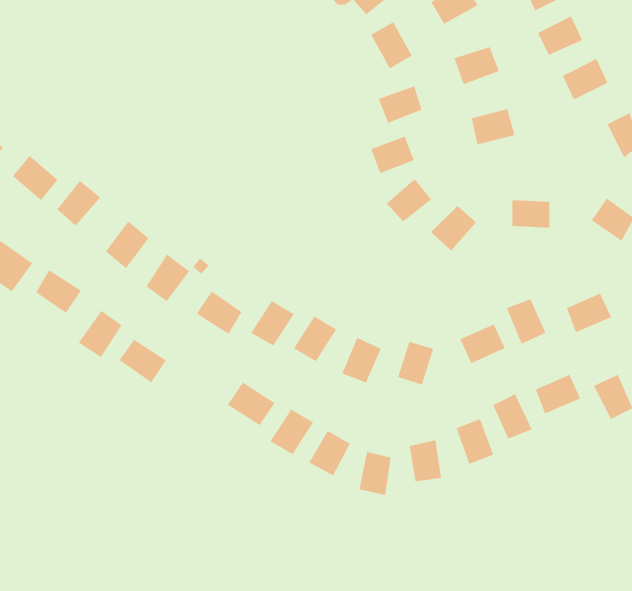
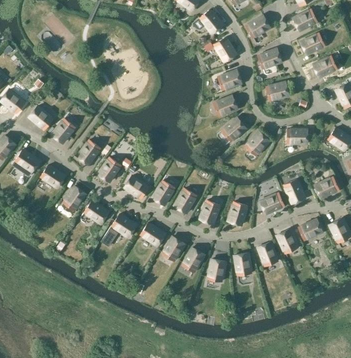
building: none -> [100,213,136,245]

